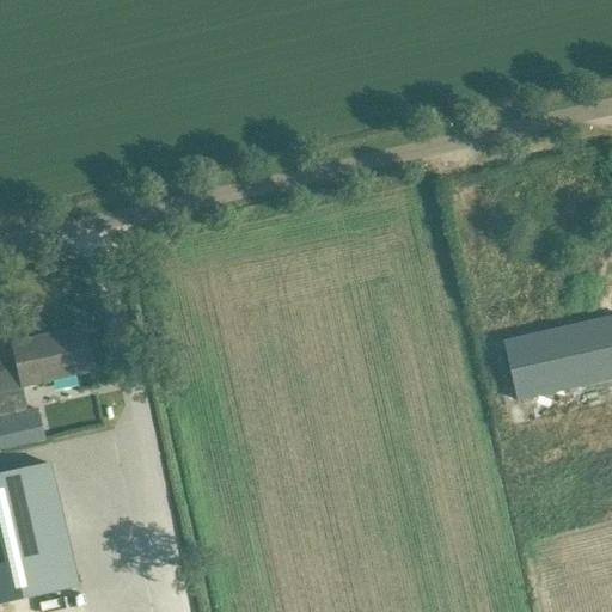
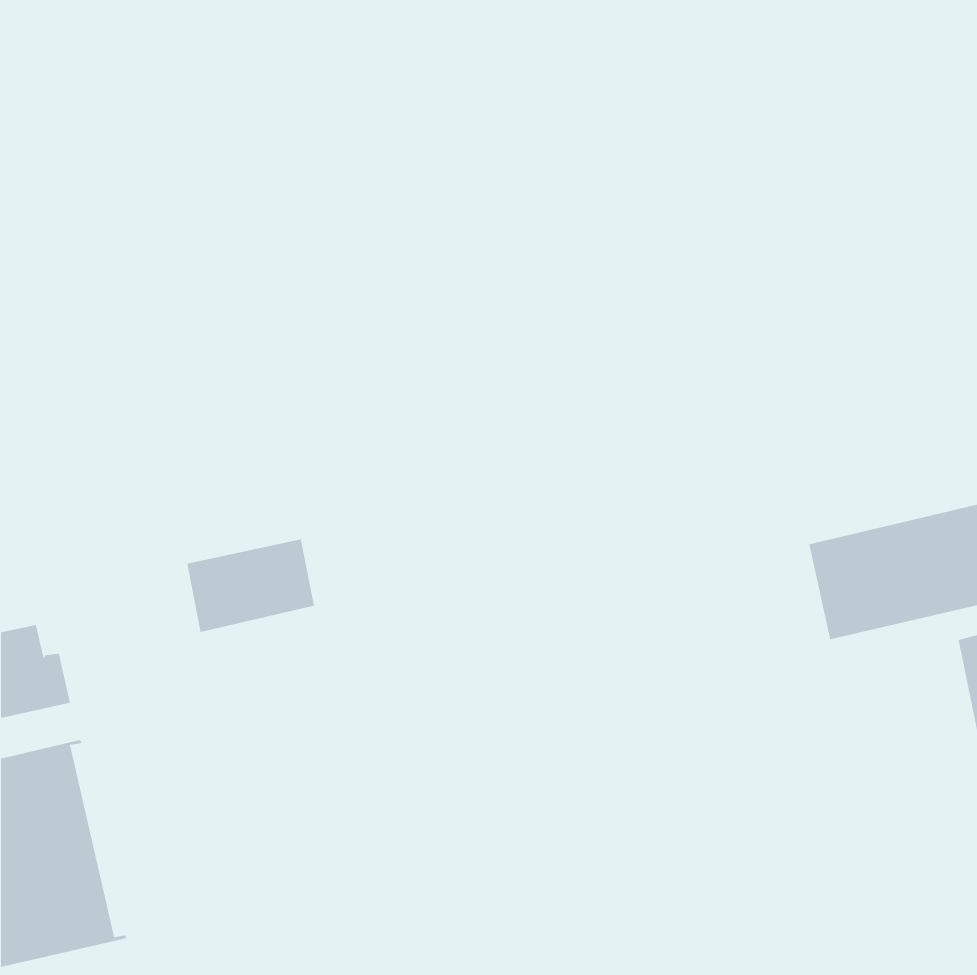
building: [14,326,94,385] -> [186,539,315,633]

